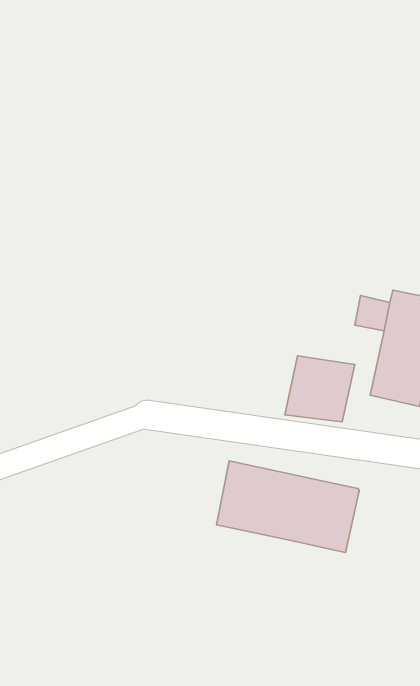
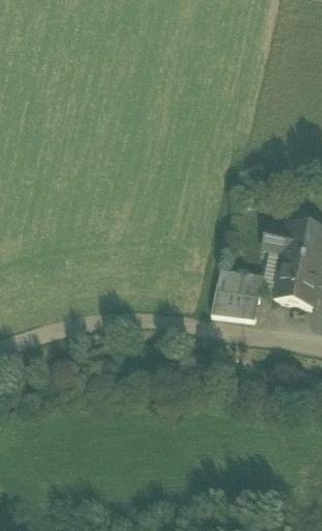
building: [216,461,359,552] -> none

